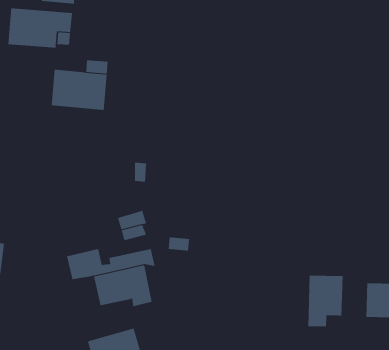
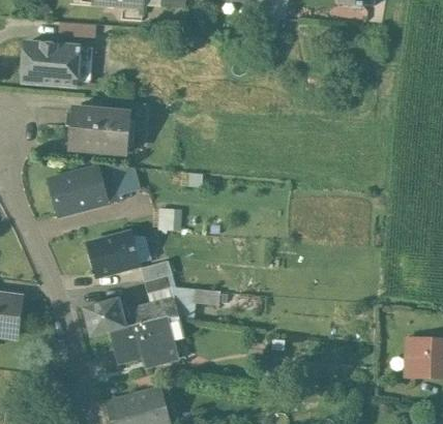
building: none -> [50,165,130,215]
building: none -> [89,238,141,277]
building: [308,275,343,327] -> none

